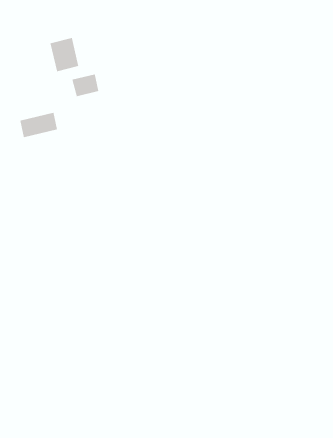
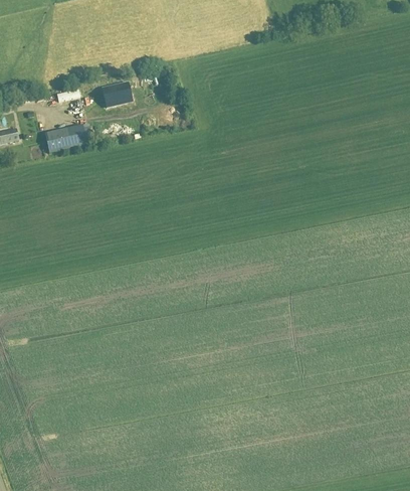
building: [50,37,79,72] -> none

